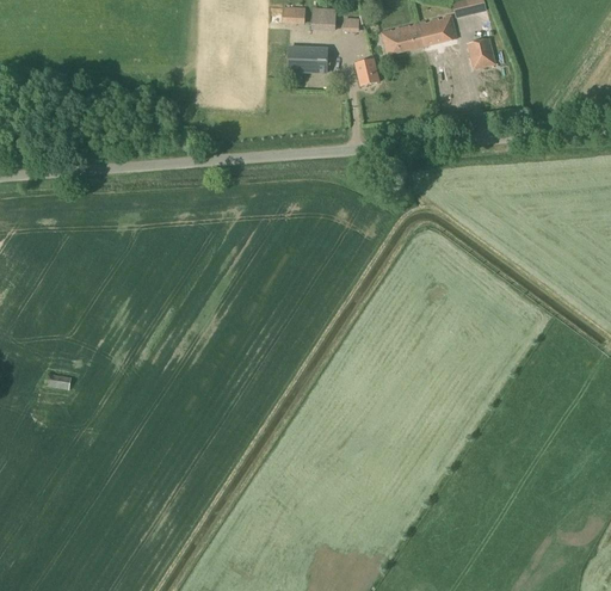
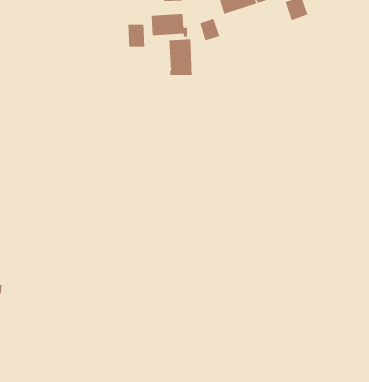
building: none -> [128,24,145,47]
building: none -> [169,39,192,76]

